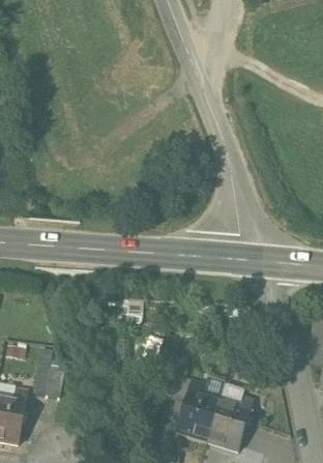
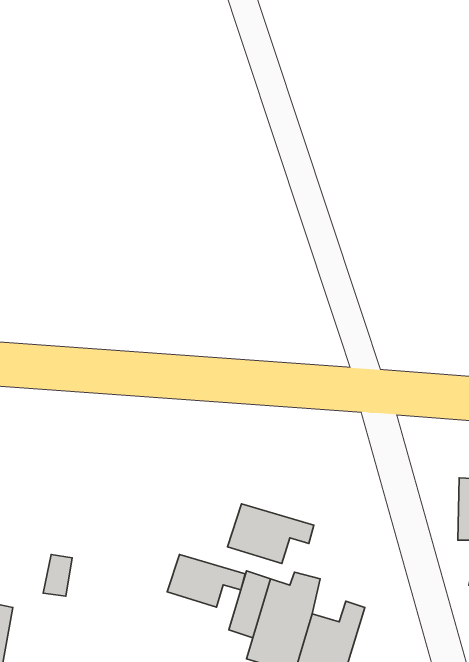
building: none -> [228,504,314,563]
building: none -> [167,554,245,607]

